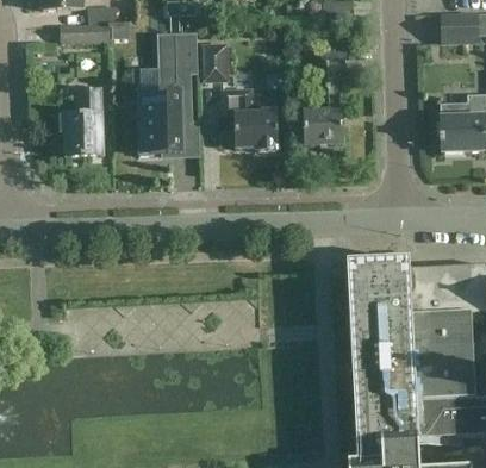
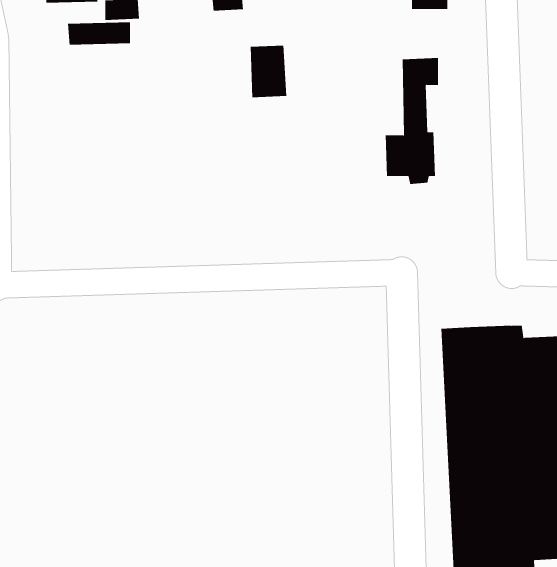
building: [138,35,197,154] -> none
building: [62,89,102,156] -> none
building: [223,91,279,150] -> none

